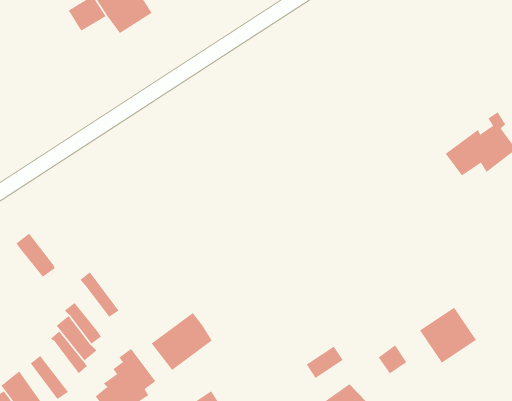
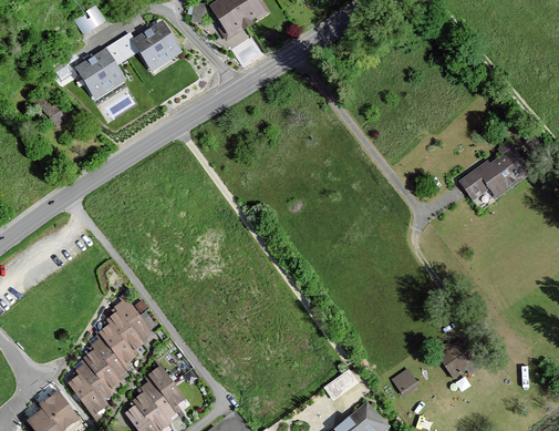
building: none -> [73,49,124,100]
building: [15,233,55,278] -> [106,309,144,351]
building: [151,312,212,371] -> none
building: none -> [75,360,117,408]

